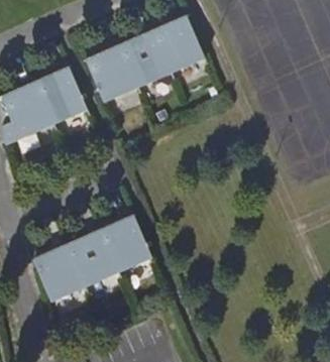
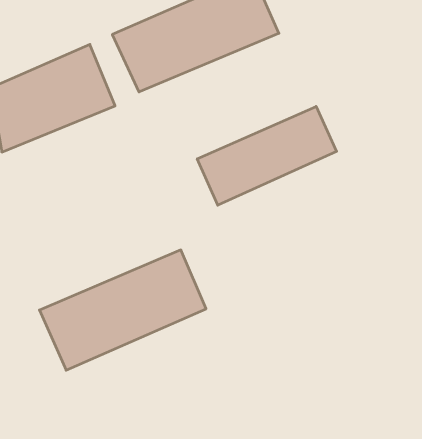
building: none -> [197,106,337,205]

